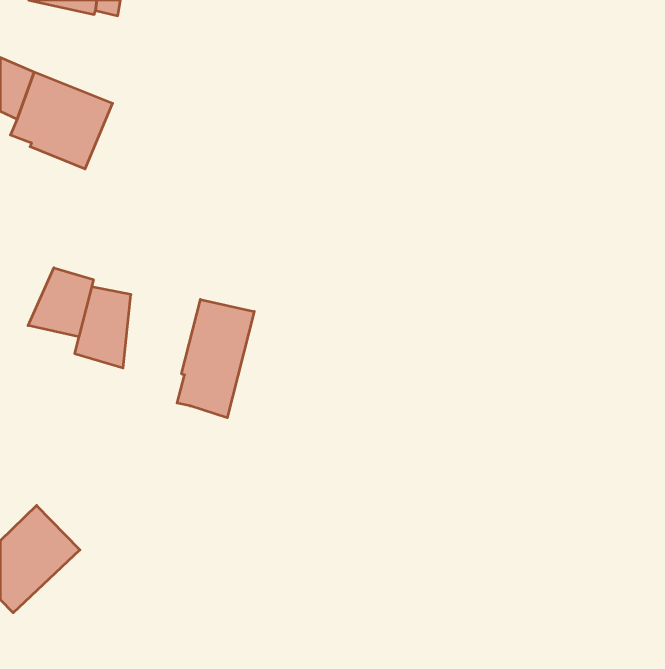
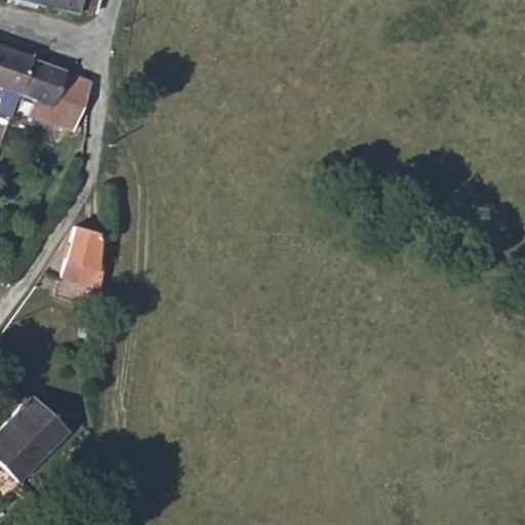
building: [28,268,93,337] -> none
building: [177,299,254,418] -> none

